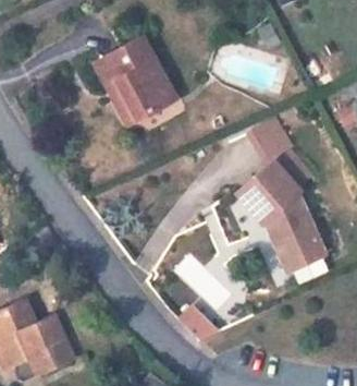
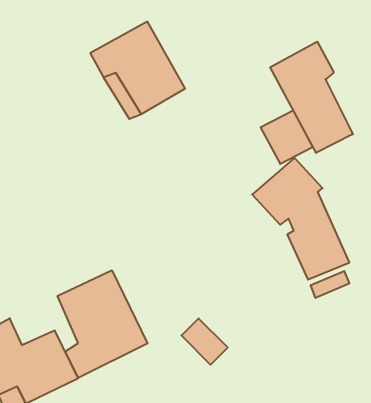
building: none -> [270,42,353,153]
building: none -> [58,270,147,378]

